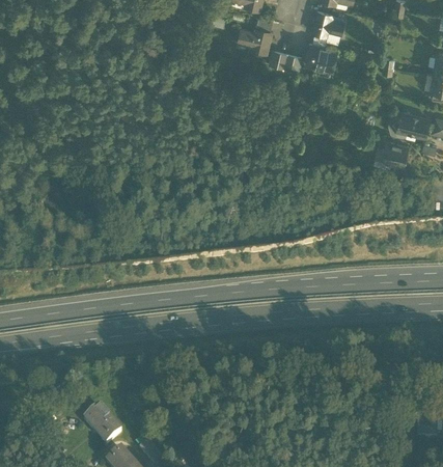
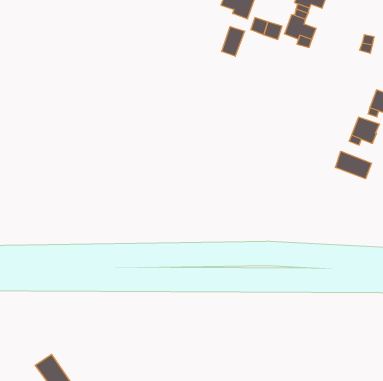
building: none -> [222,27,245,56]
building: none -> [335,151,371,179]

